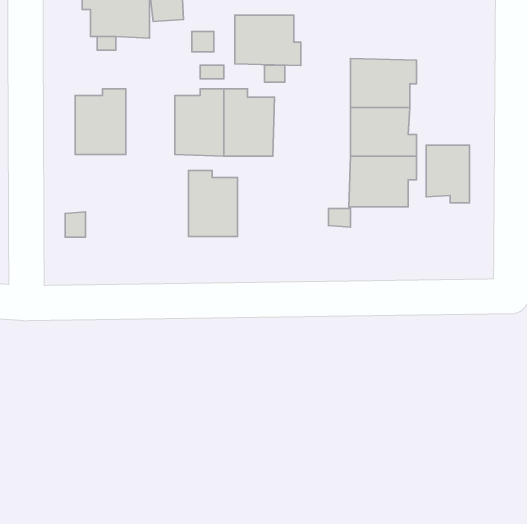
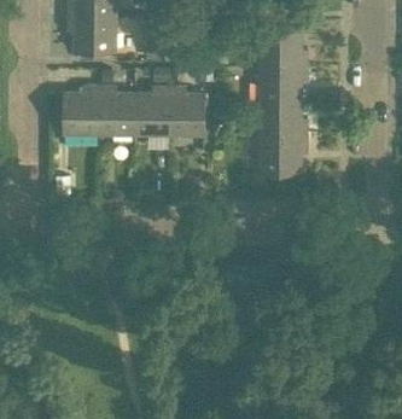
building: [235,15,301,66] -> [260,30,307,66]
building: [426,145,469,203] -> none
building: [189,171,238,236] -> [99,87,134,134]

